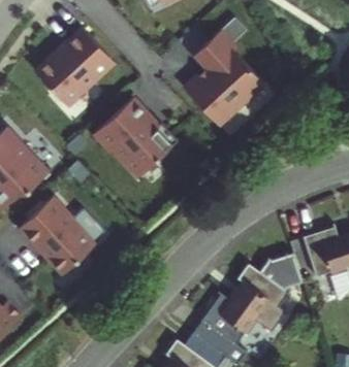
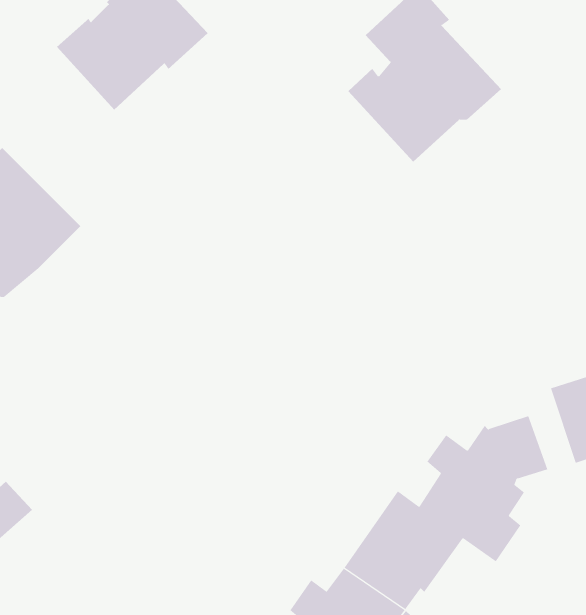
building: [94,89,179,166] -> none
building: [20,187,95,265] -> none

